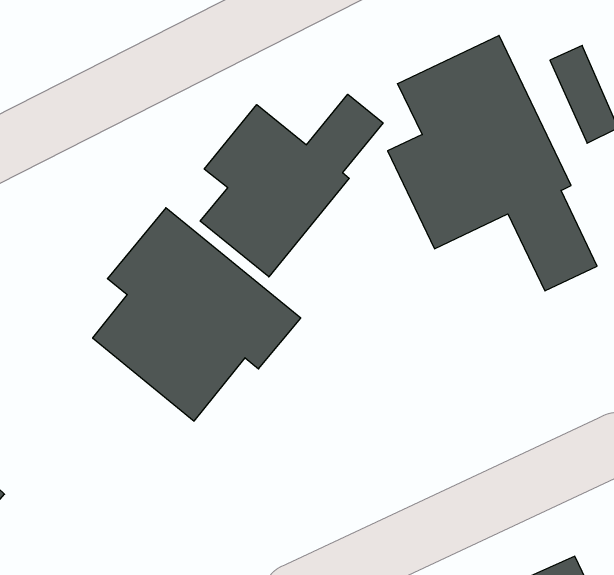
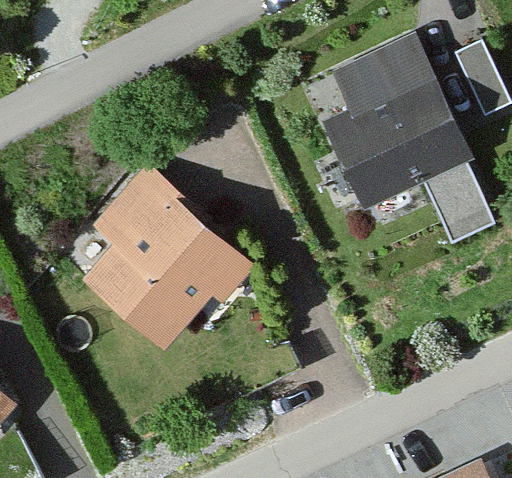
building: [200,94,383,277] -> none

